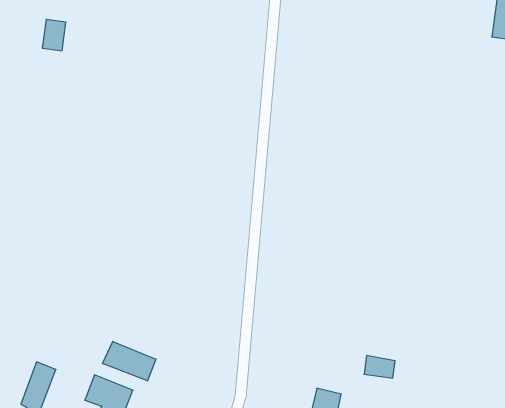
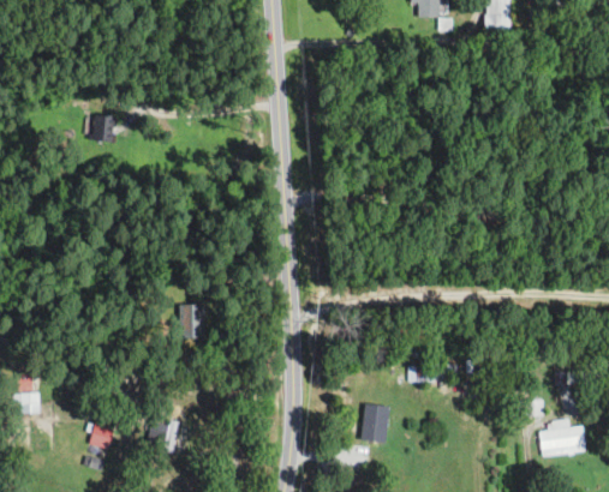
building: [42,19,66,51] -> [92,115,112,143]
building: none -> [184,307,203,338]
building: [103,341,156,381] -> none

